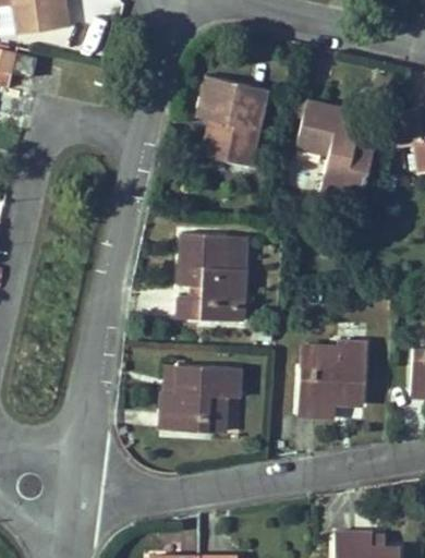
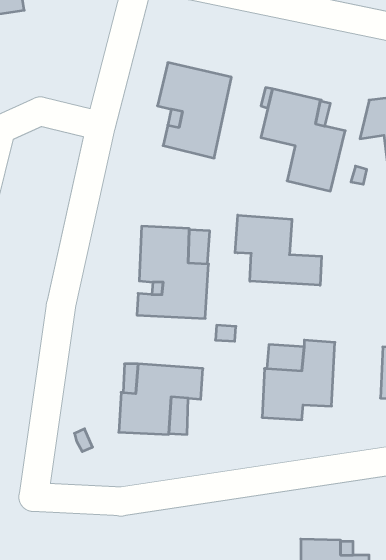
building: none -> [235,215,322,285]

